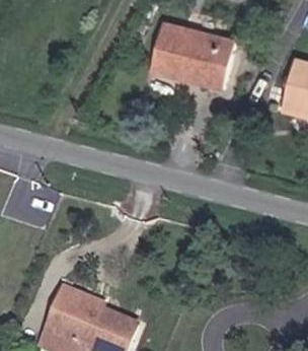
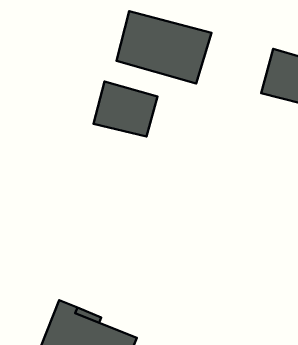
building: none -> [93,81,157,137]

